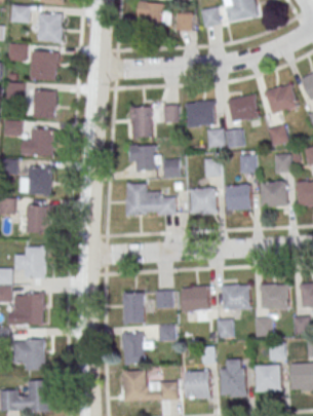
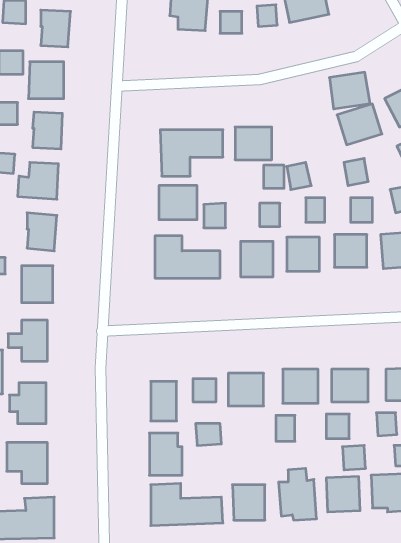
building: [228,94,259,122] -> [329,72,370,109]

